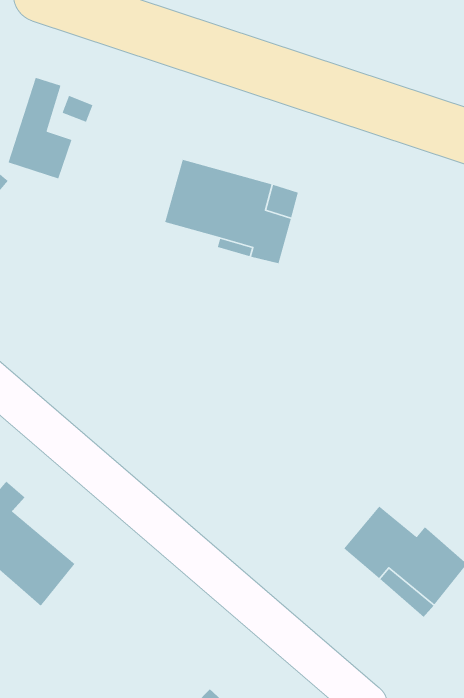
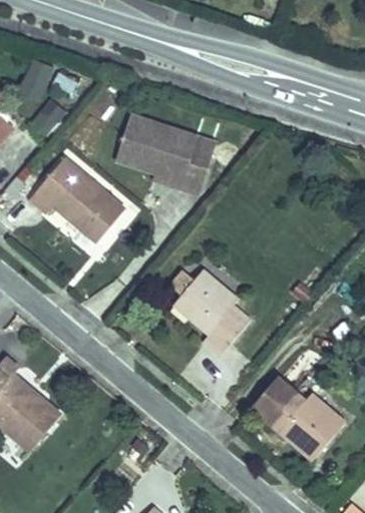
building: none -> [30,165,122,246]
building: none -> [168,269,245,354]

